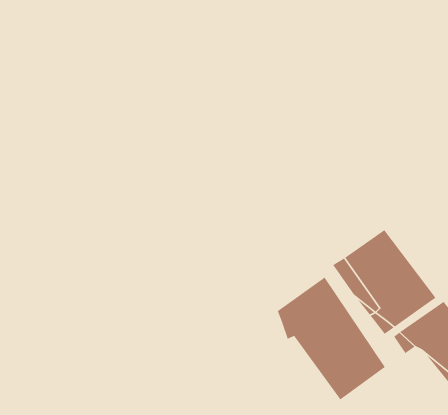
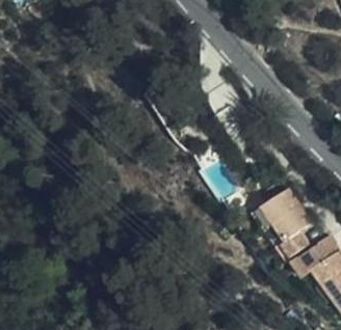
building: [277,277,386,401] -> none

